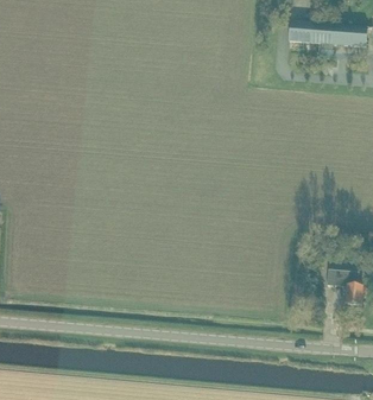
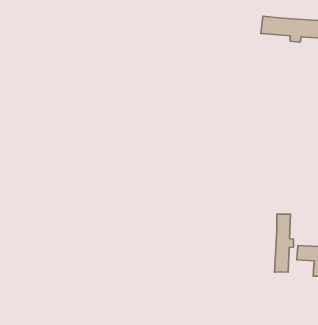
building: none -> [275,214,294,272]

